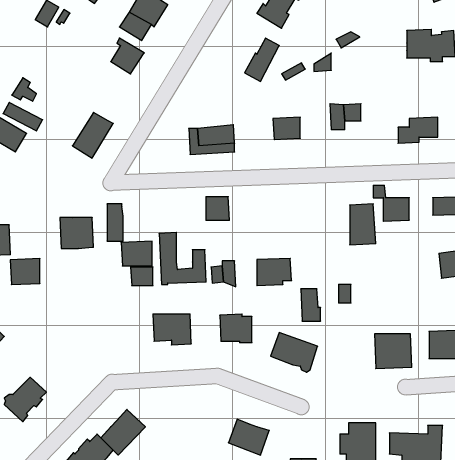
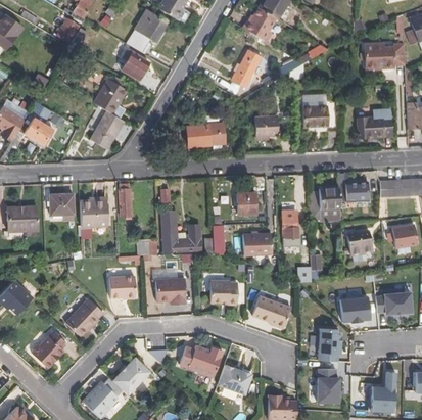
building: none -> [93,79,127,119]
building: [206,197,229,220] -> [236,194,255,214]
building: [121,241,152,266] -> [109,275,135,295]
building: none -> [346,231,371,254]
building: [10,259,40,285] -> [48,191,73,213]
building: [301,289,321,321] -> [281,212,297,238]
building: none -> [64,296,103,334]
building: none -> [317,327,340,362]
building: none -> [180,345,223,377]

